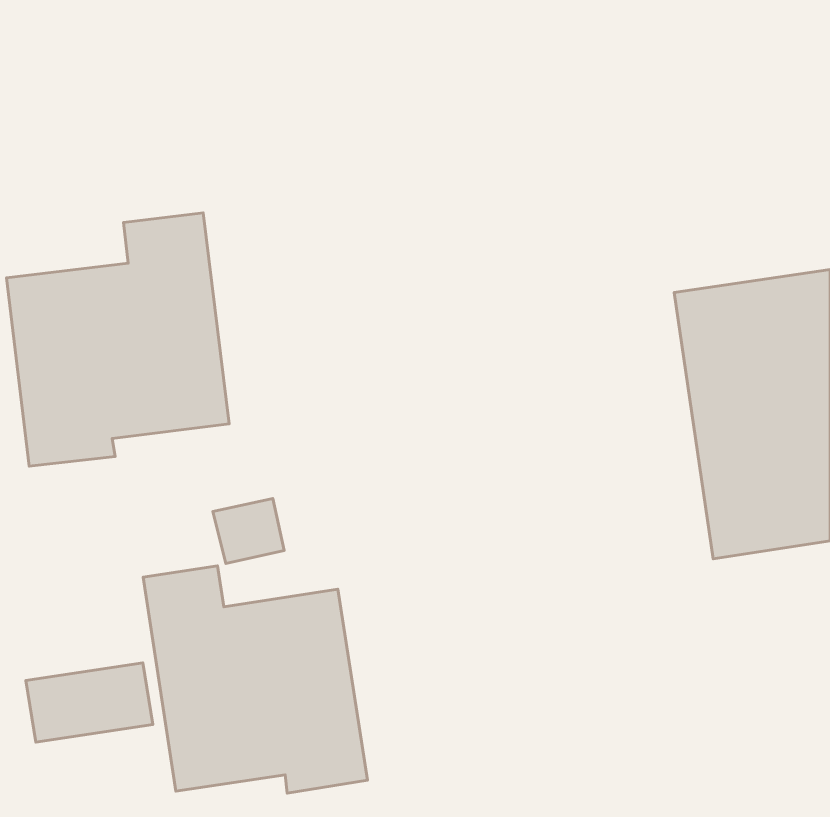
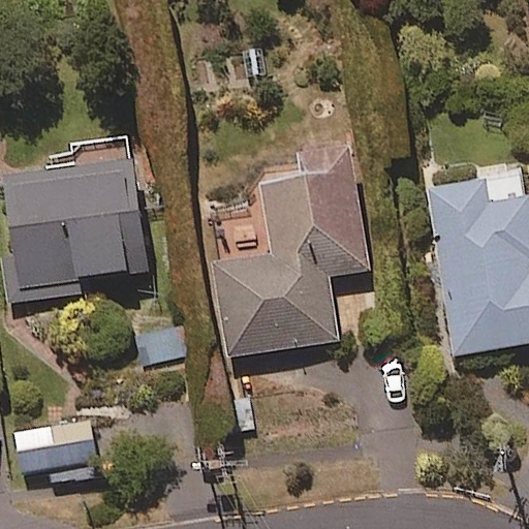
building: none -> [218,152,365,352]
building: [143,566,367,793] -> none

